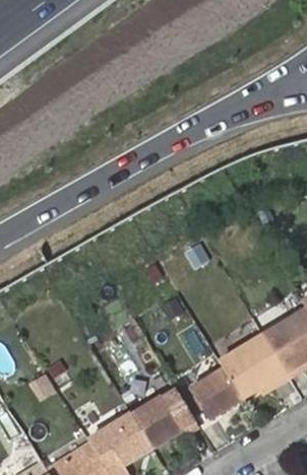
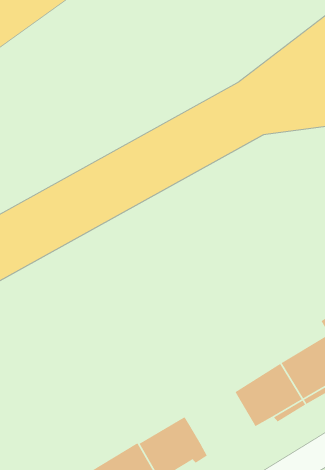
building: [180,370,240,419] -> none

